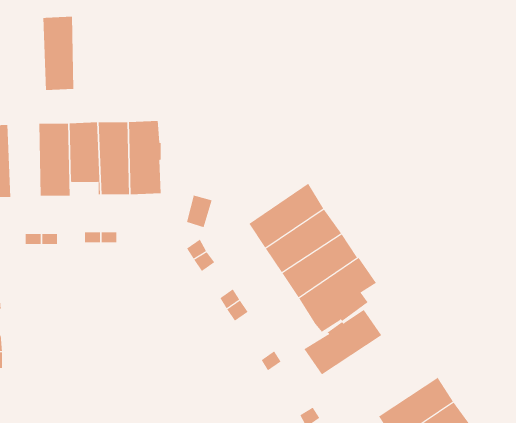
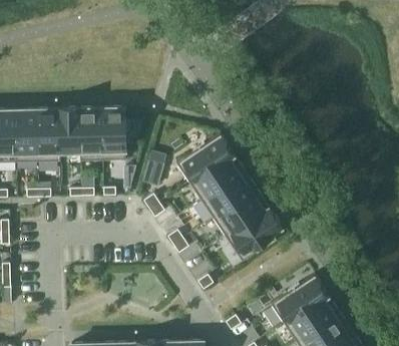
building: [42,16,74,90] -> [14,108,37,162]
building: none -> [175,133,233,182]
building: [304,309,382,375] -> [270,274,327,322]

